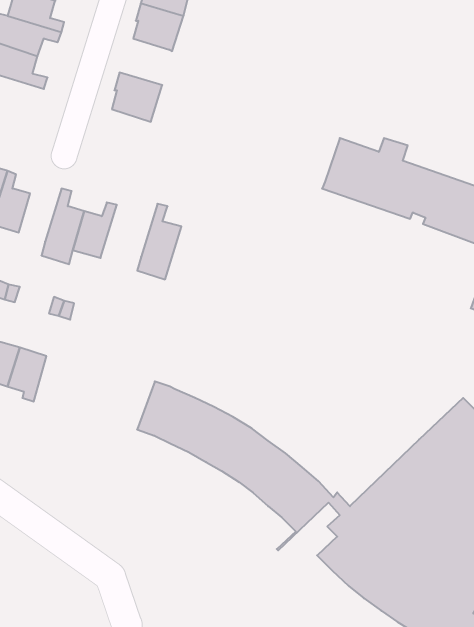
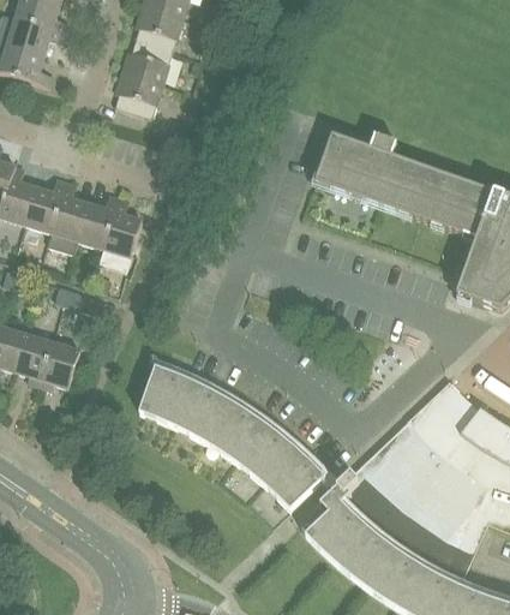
building: none -> [121,37,172,82]
building: none -> [25,177,66,231]
building: [137,204,181,279] -> [100,196,142,268]
building: none -> [40,340,79,387]

